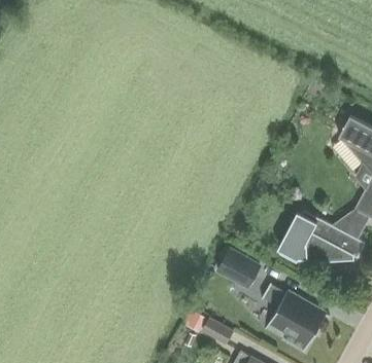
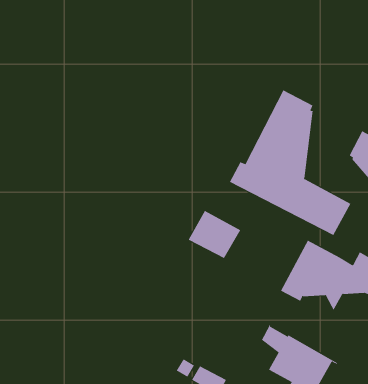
building: none -> [229,89,351,236]
building: [215,246,262,288] -> [188,210,241,259]

